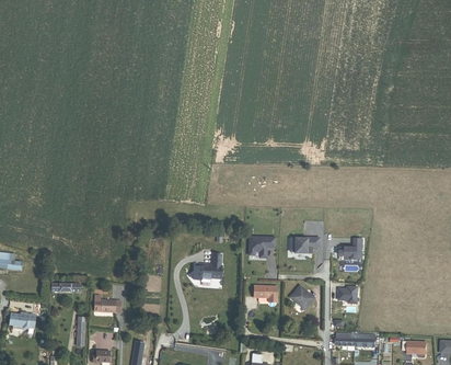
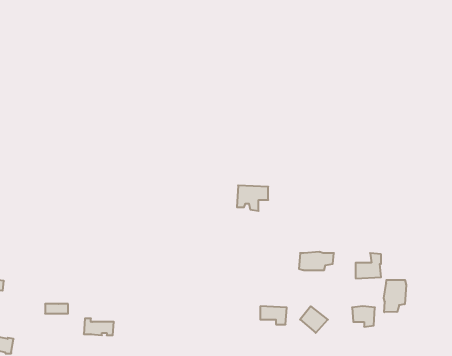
building: [246,235,275,258] -> [237,185,268,211]
building: [188,253,221,282] -> none
building: none -> [384,280,406,312]

